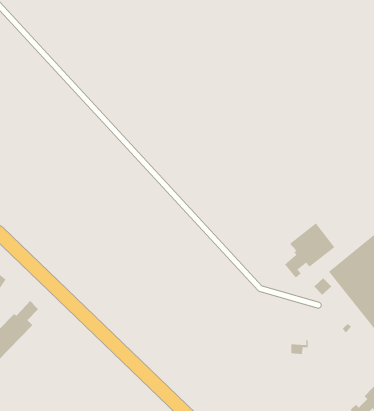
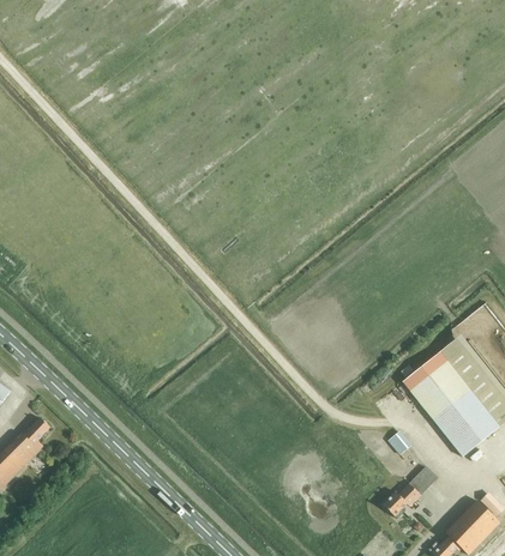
building: [284,222,335,279] -> none
building: none -> [380,467,437,520]

